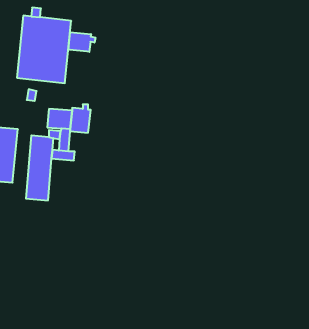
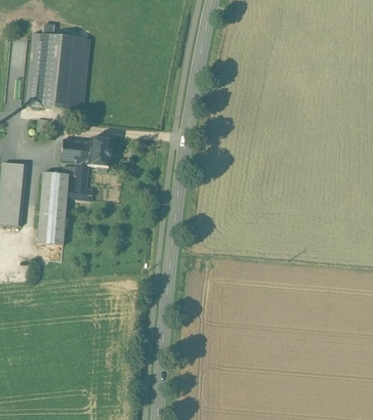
building: [68,32,95,52] -> none

